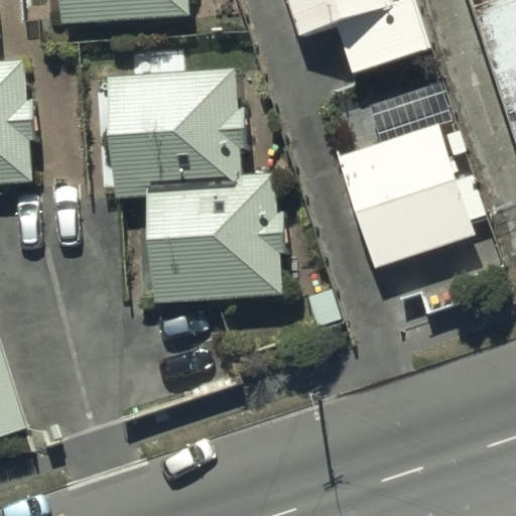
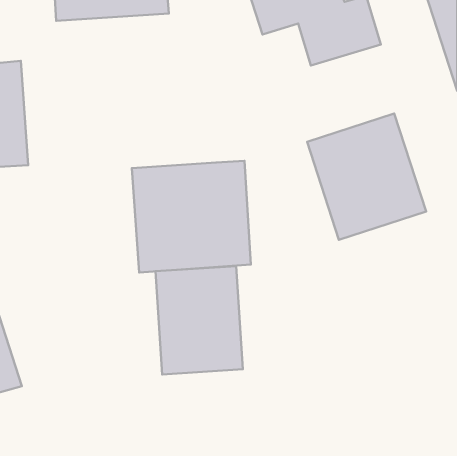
building: [109,68,240,188] -> none
building: none -> [155,266,243,374]

